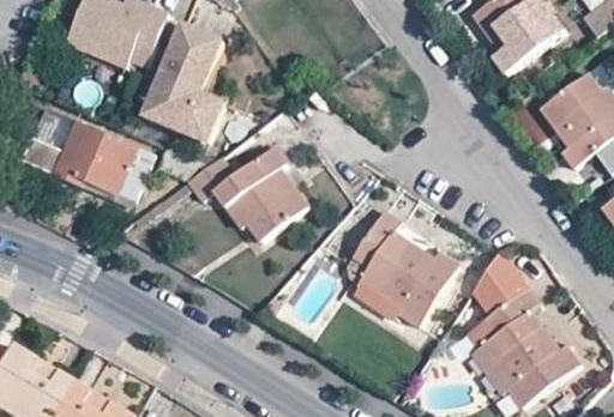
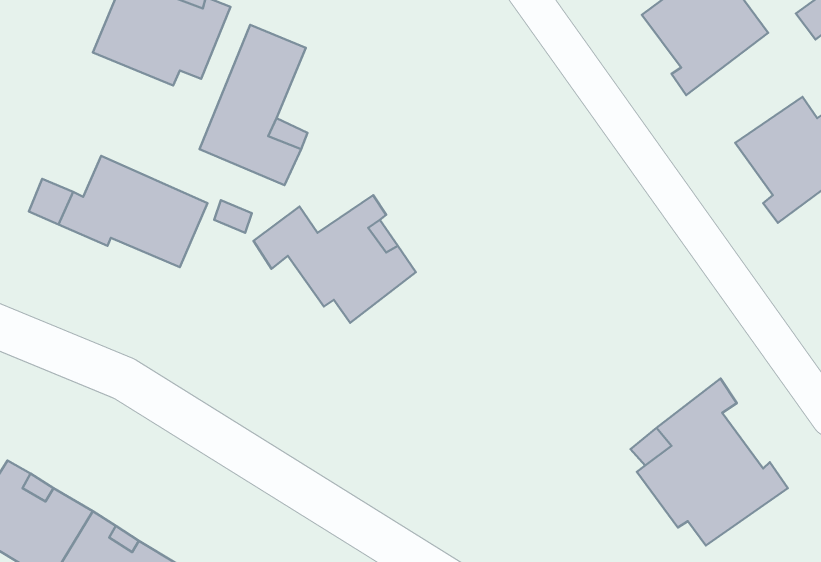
building: [350,210,457,327] -> none
building: [470,250,523,308] -> none

